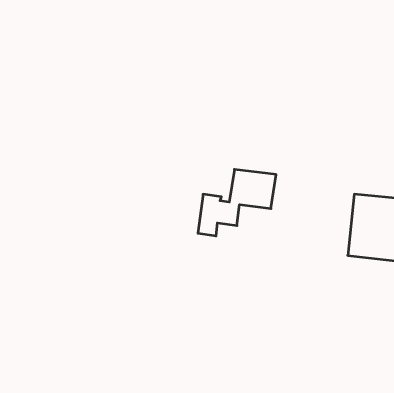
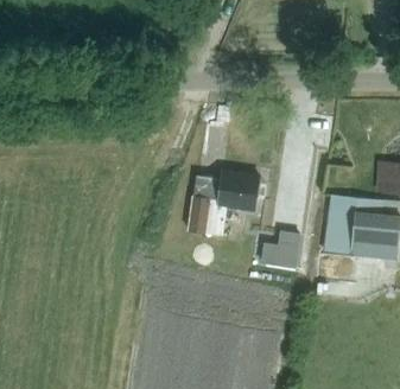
building: none -> [261,231,299,267]

